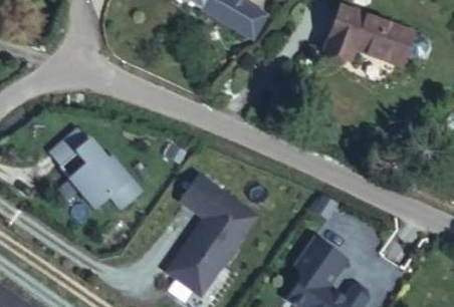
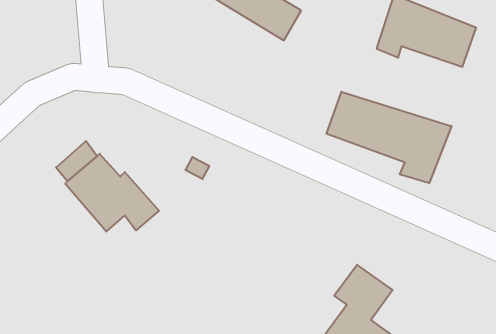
building: none -> [327,92,452,183]
building: [168,176,256,294] -> none

